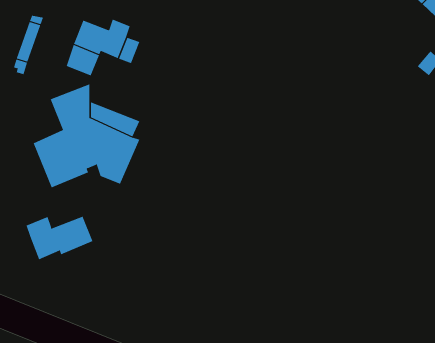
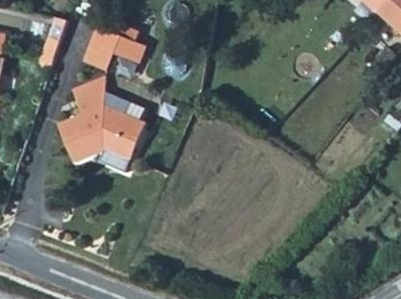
building: [26,216,93,260] -> none

